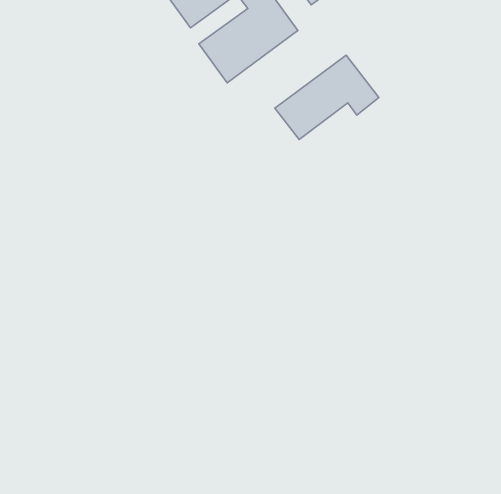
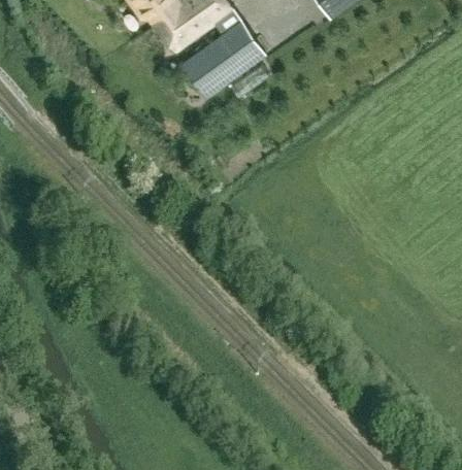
building: [275,55,379,140] -> none

